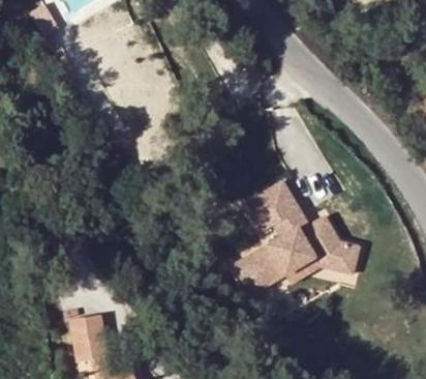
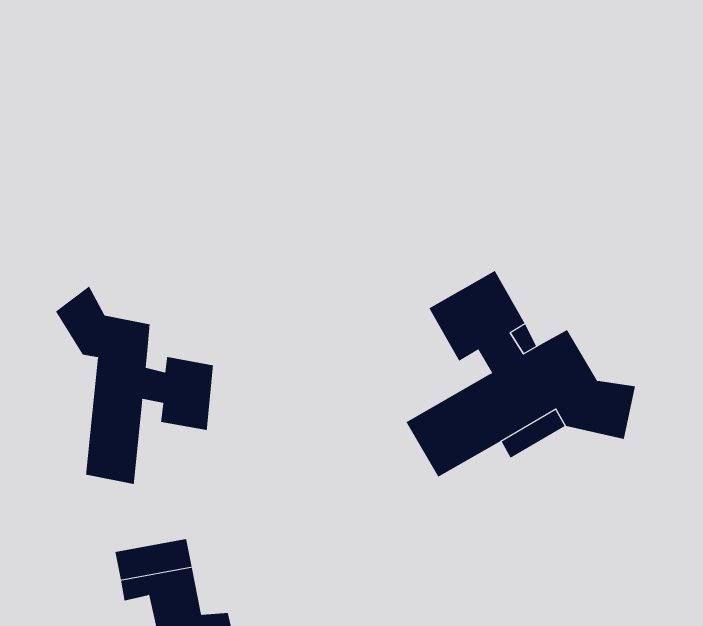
building: none -> [55,285,214,485]

